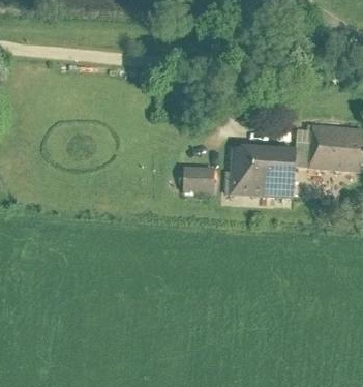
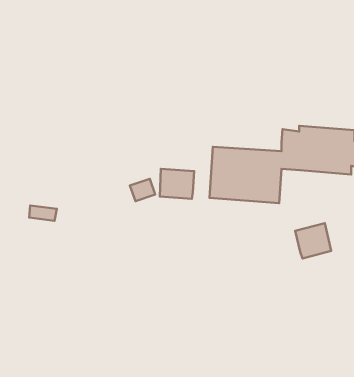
building: none -> [295,223,331,258]

